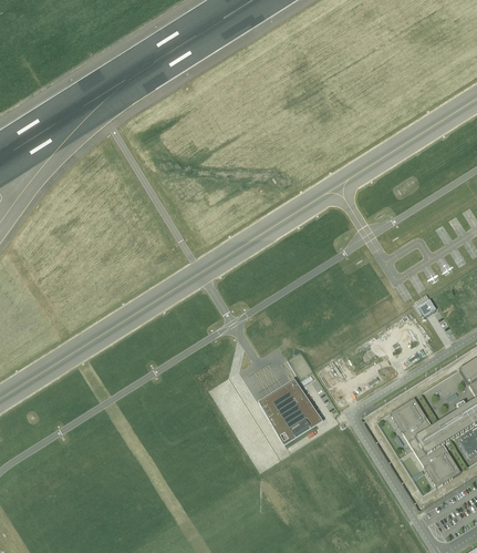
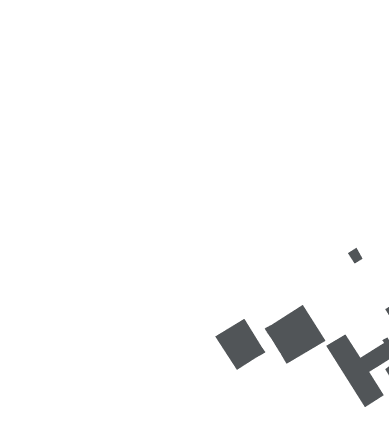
building: none -> [264,304,326,365]

